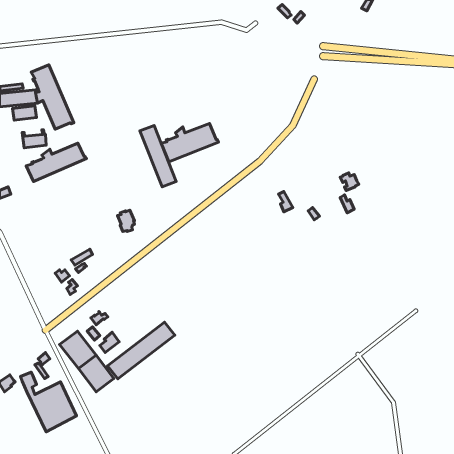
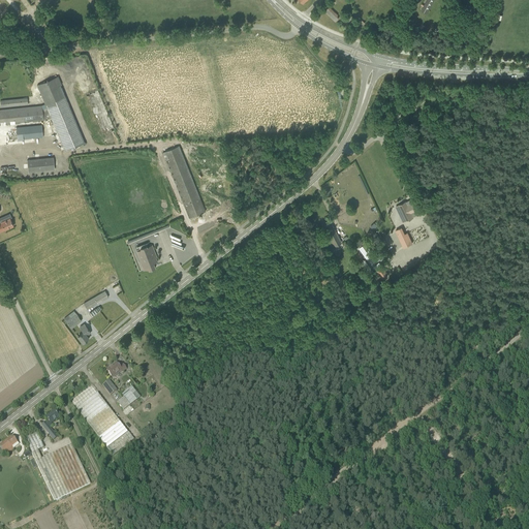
building: [161,123,219,162] -> none
building: [26,143,86,181] -> none
building: [107,322,175,379] -> none

